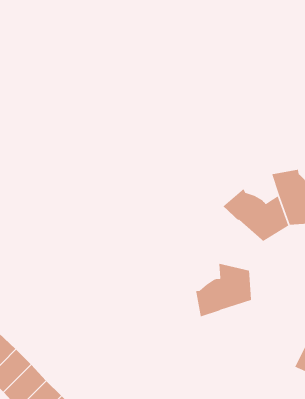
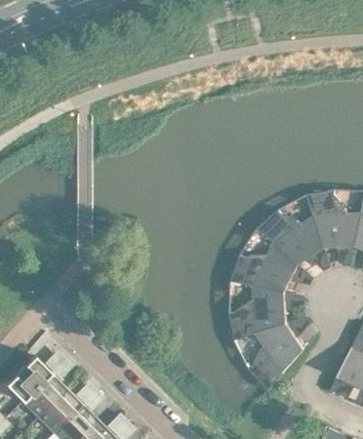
building: none -> [230,241,298,291]
building: none -> [248,322,304,390]

